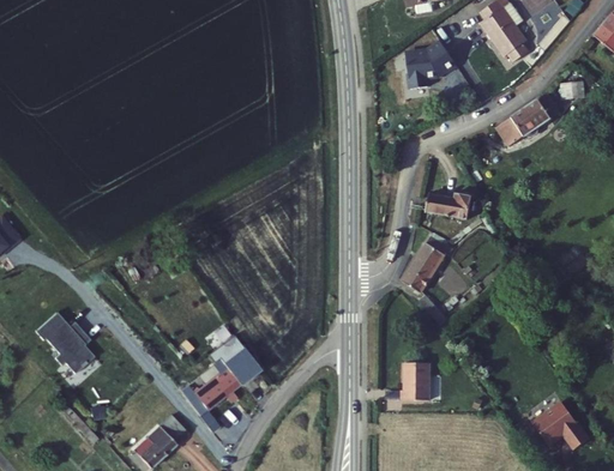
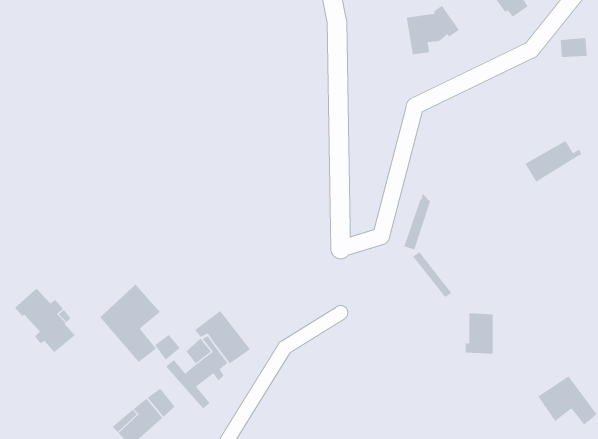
building: [500,98,555,139] -> [525,140,582,183]
building: [419,188,466,215] -> none
building: none -> [100,284,161,363]
building: [399,352,427,392] -> [465,313,494,354]

